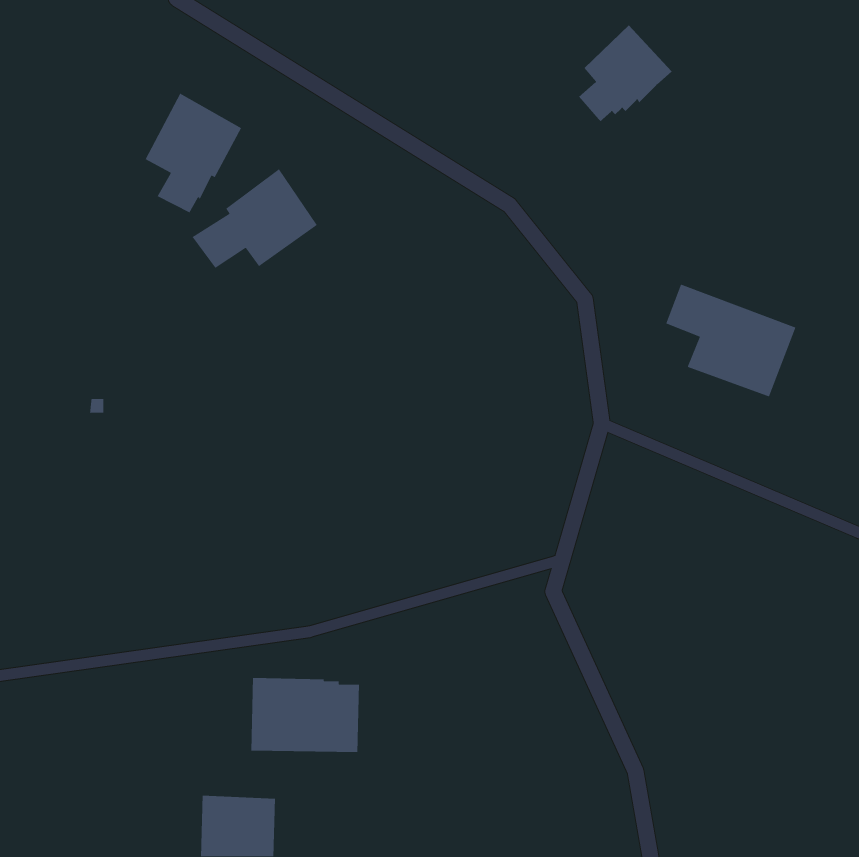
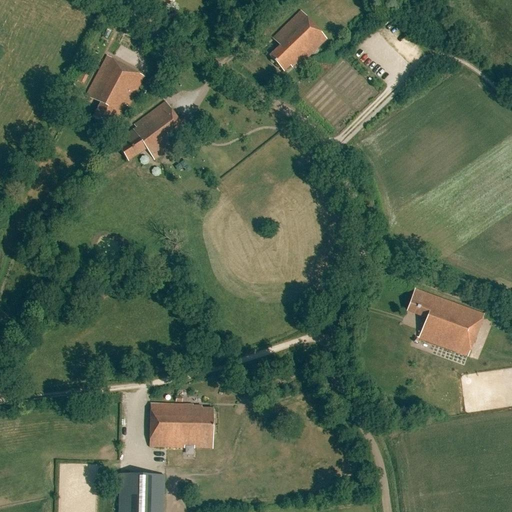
building: [578,25,672,122] -> [270,11,326,69]
building: [665,283,796,398] -> [406,288,484,356]

